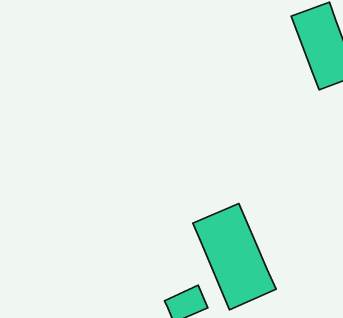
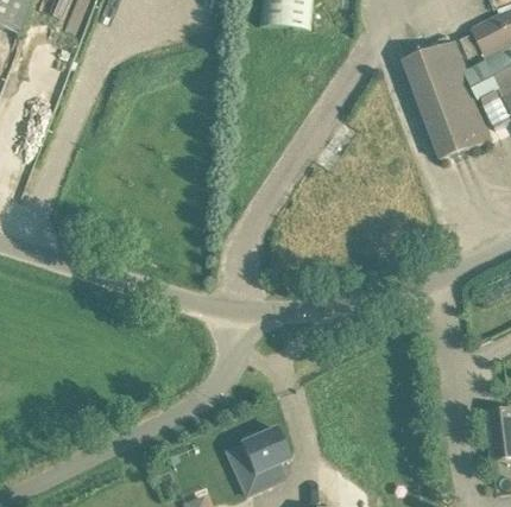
building: [193,204,276,310] -> none

